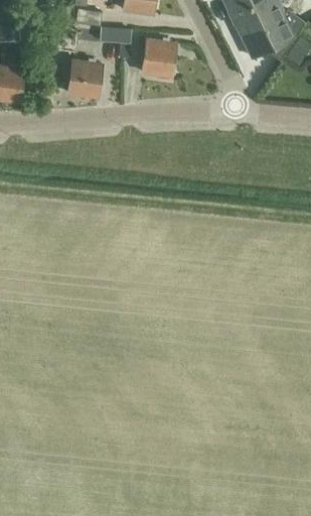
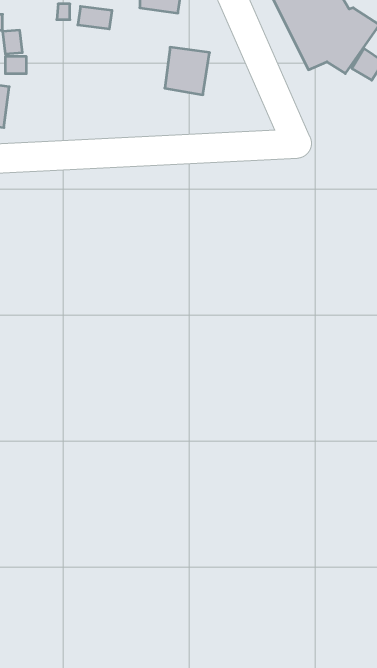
building: [100,26,131,56] -> none
building: [67,60,102,96] -> none

